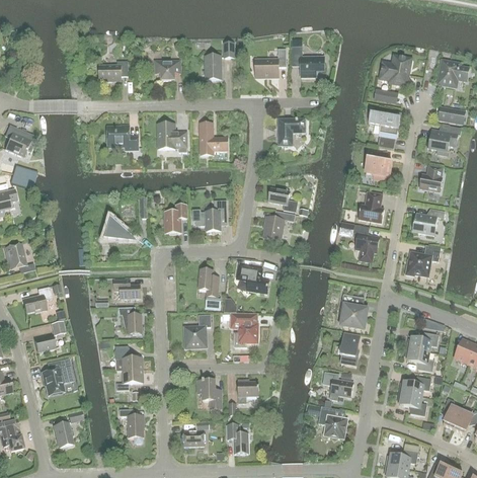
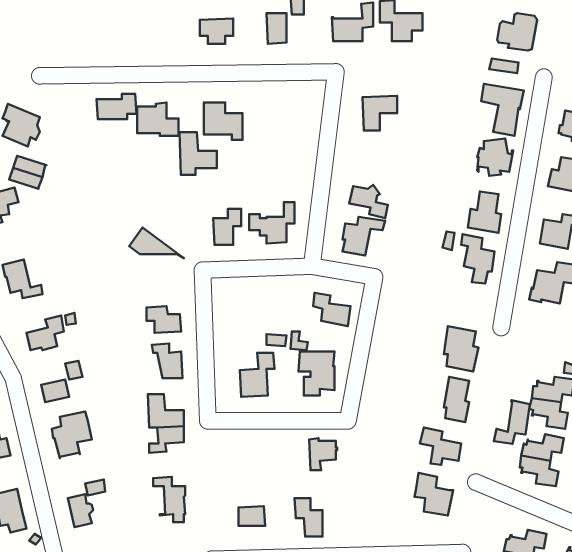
building: [97,61,128,80] -> [97,94,137,119]
building: [198,123,227,155] -> [179,132,217,175]
building: [197,269,218,297] -> none
building: none -> [494,400,530,444]
building: [196,380,221,408] -> none

